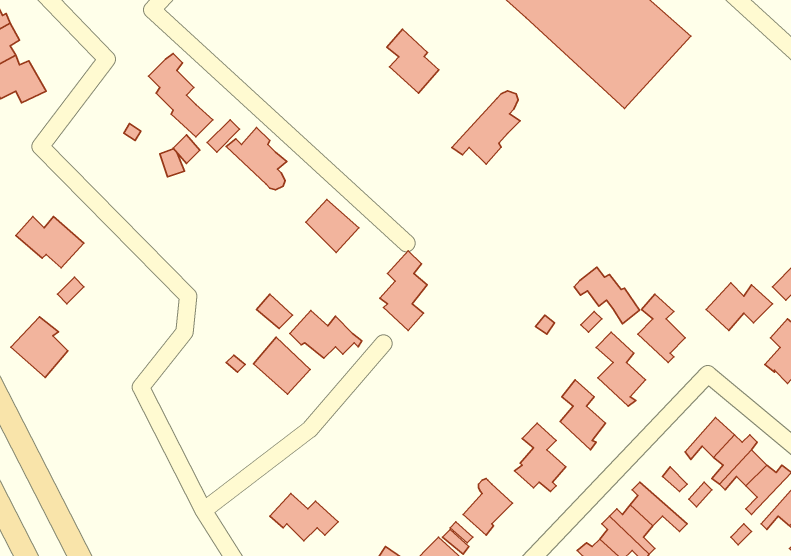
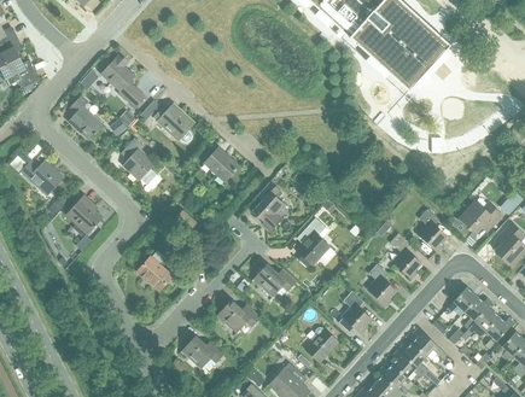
building: [387,29,439,93] -> none
building: [452,91,520,164] -> none
building: none -> [68,94,103,140]
building: none -> [123,138,156,183]
building: [574,267,639,324] -> none
building: none -> [296,217,329,267]
building: [290,311,362,358] -> [253,264,299,294]
building: [11,317,68,377] -> [65,195,101,234]
building: [253,337,310,394] -> [136,255,173,291]
building: none -> [217,299,261,333]

